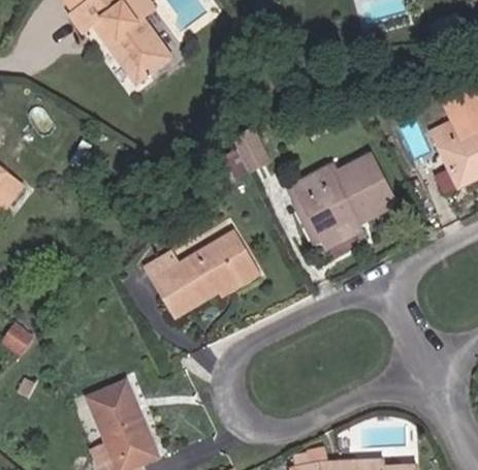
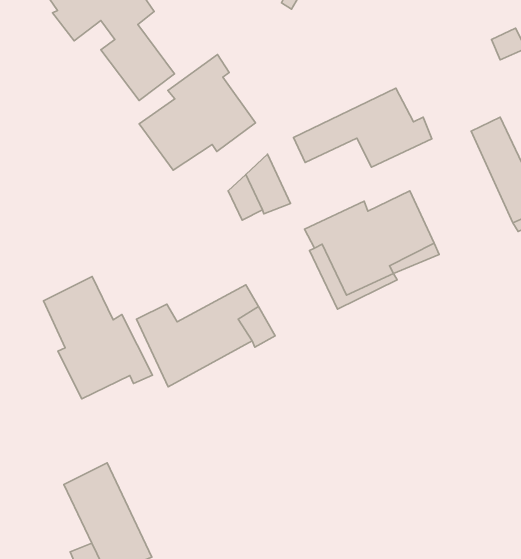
building: none -> [139,54,256,170]
building: none -> [294,88,432,167]
building: none -> [44,276,152,399]

